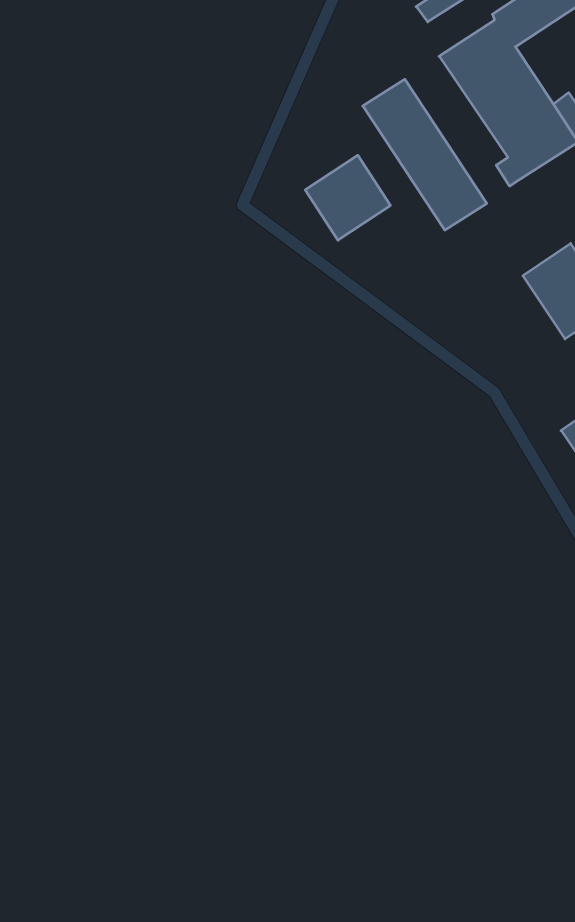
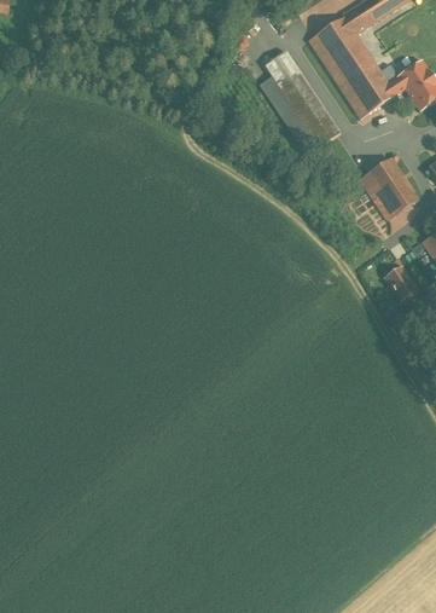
building: [305,155,390,240] -> none

